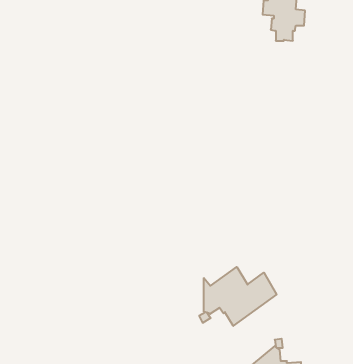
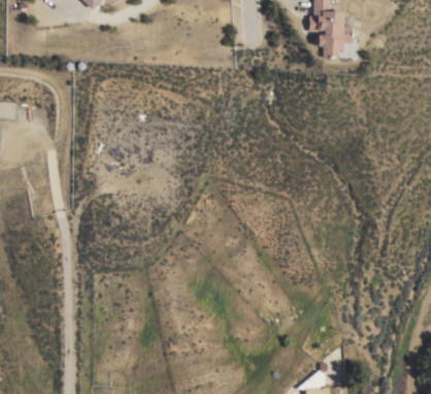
building: [199,267,277,326] -> none

